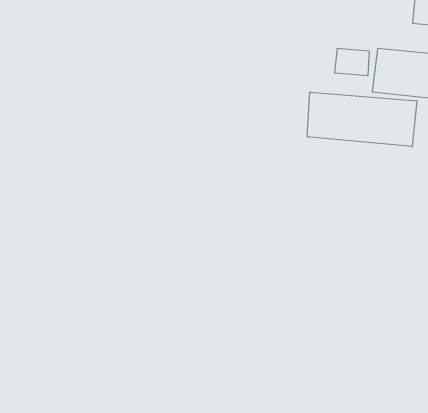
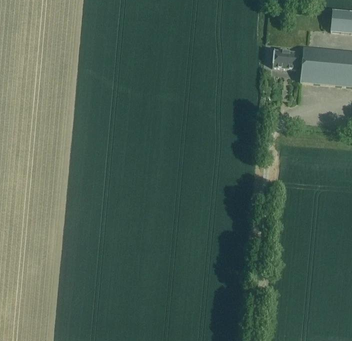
building: [307,92,417,147] -> none

